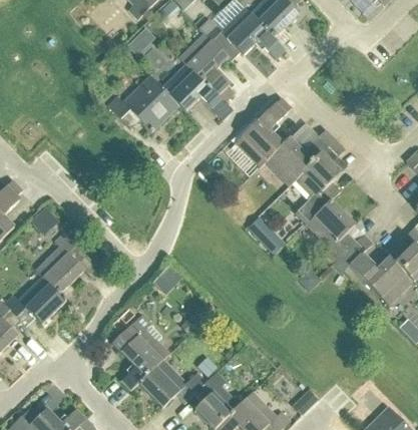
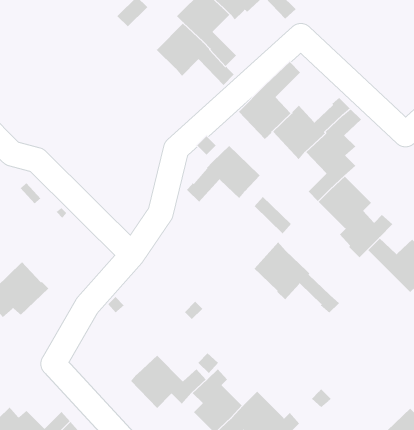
building: [108,74,178,131] -> none
building: none -> [186,145,261,202]
building: [35,232,86,294] -> none
building: none -> [253,241,340,314]
building: [112,314,169,389] -> none

